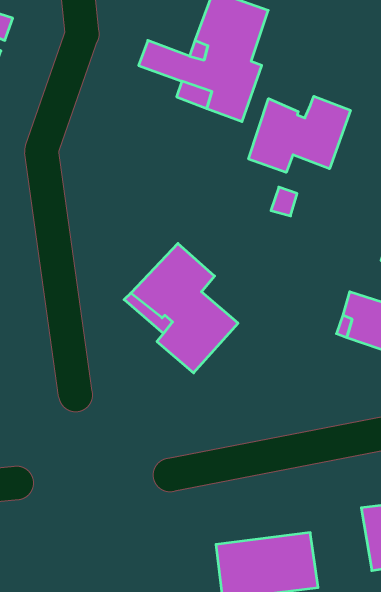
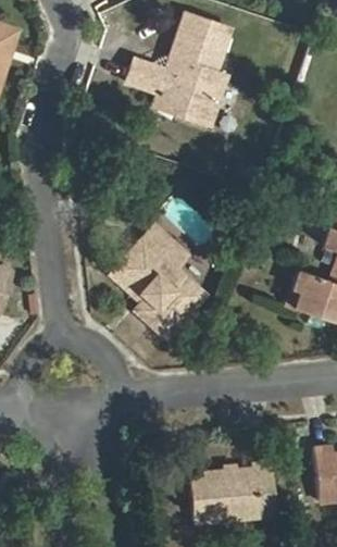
building: [249,96,350,172] -> none

